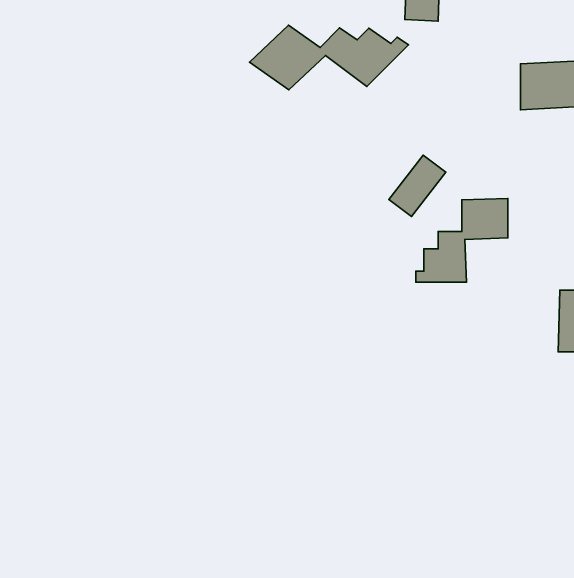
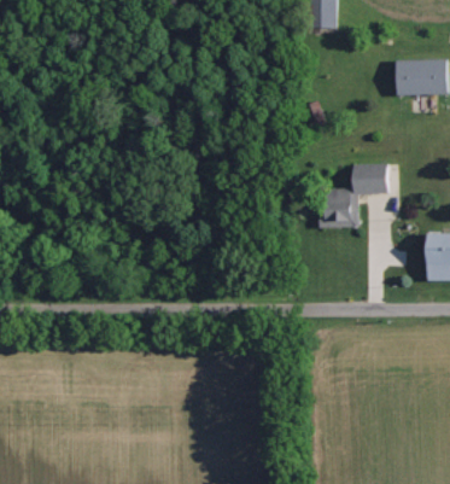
building: [249,25,408,90] -> none
building: [389,155,446,216] -> none

